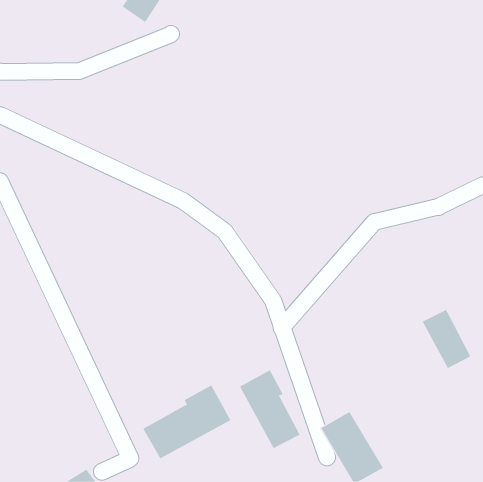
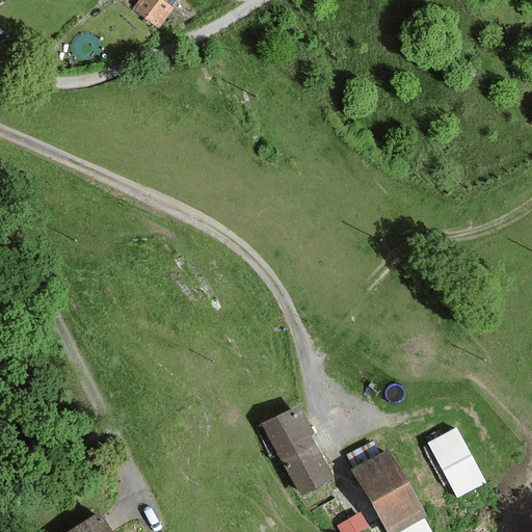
building: [422,309,471,369] -> [428,429,482,495]
building: [142,385,231,459] -> none

